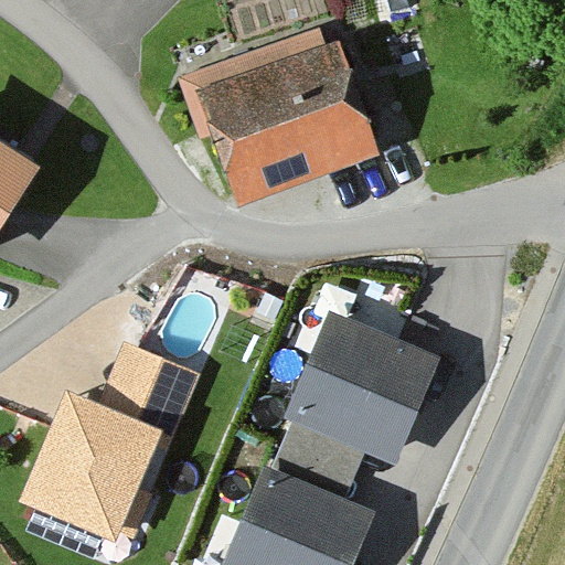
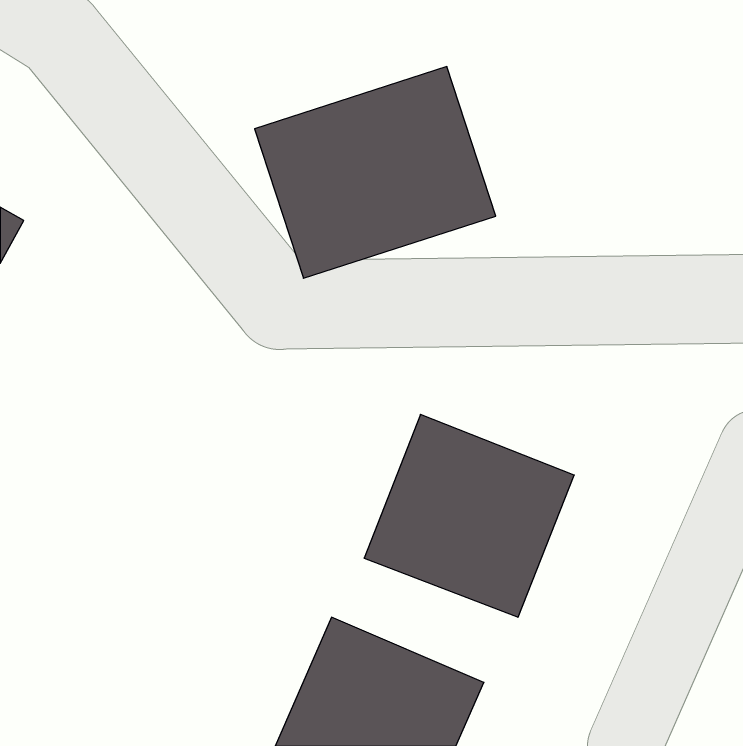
building: [19,344,206,547] -> none

